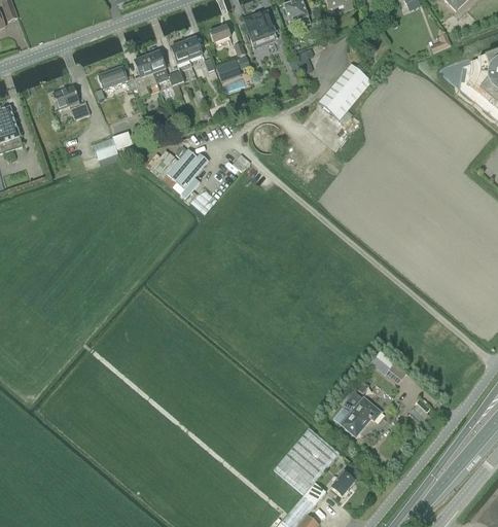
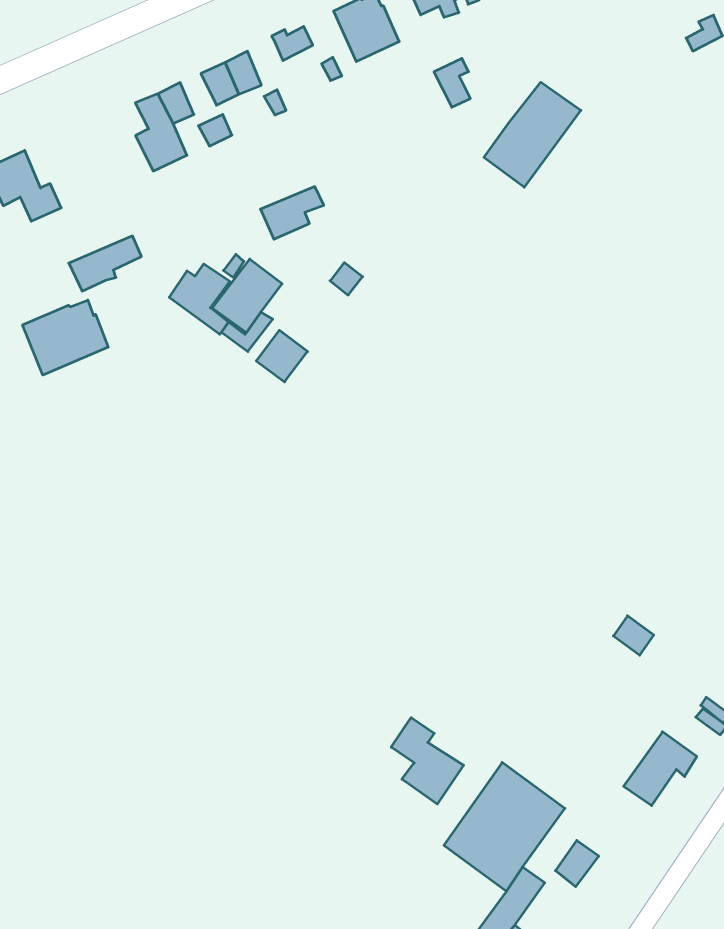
building: [215,55,249,81] -> [260,187,324,239]
building: [98,64,128,87] -> none
building: none -> [23,300,108,375]
building: [341,394,381,433] -> [624,732,697,806]
building: none -> [391,718,464,804]

